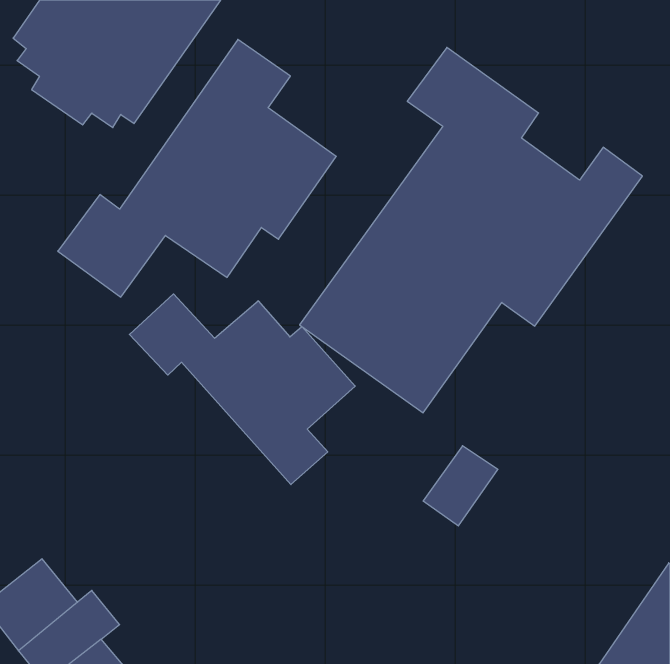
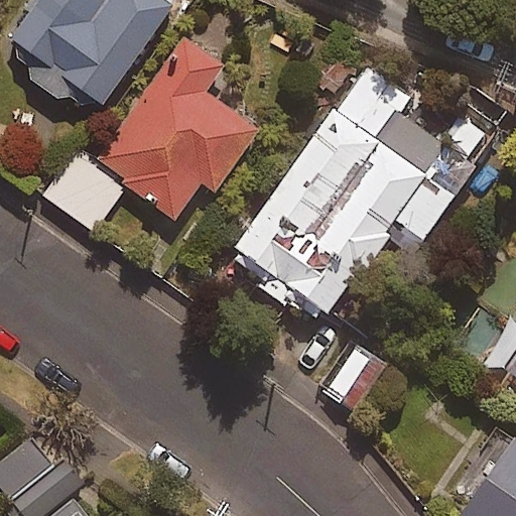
building: [129,294,355,485] -> none

